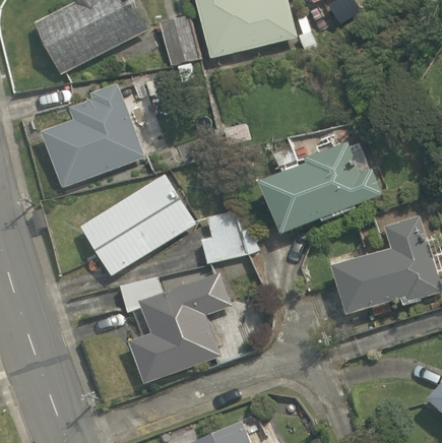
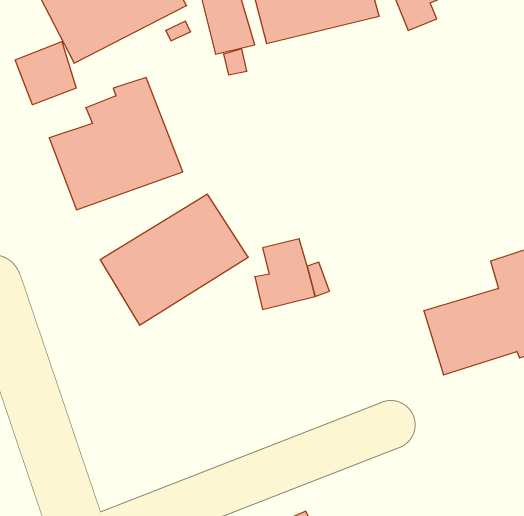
building: none -> [15,42,76,105]
building: [258,141,382,234] -> none
building: [119,272,232,384] -> none

